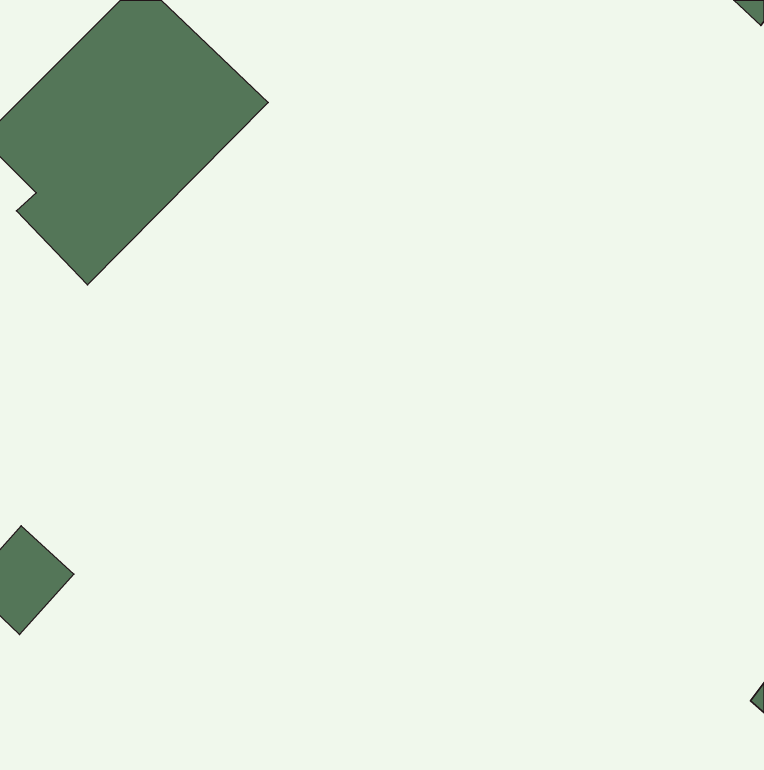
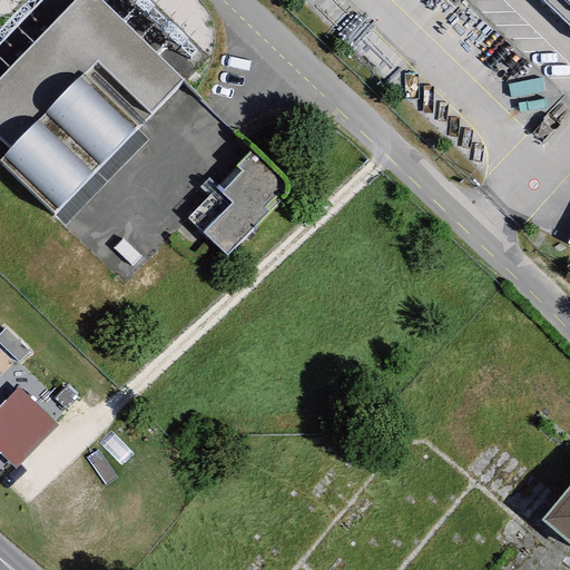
building: none -> [190,147,271,248]

